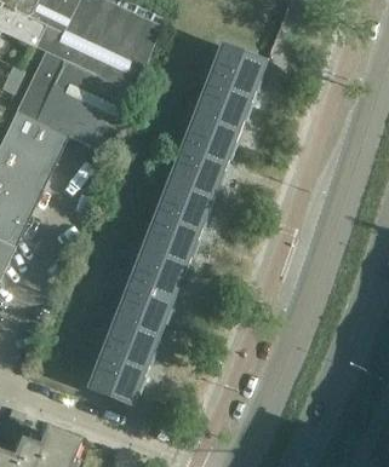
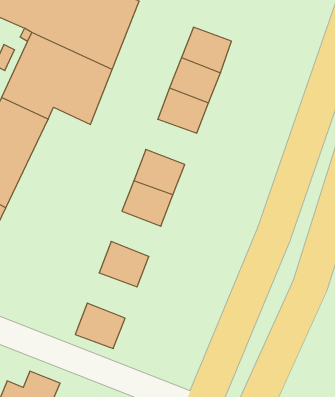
building: [170,148,227,198] -> none
building: [131,250,187,301] -> none
building: [104,319,160,370] -> none

